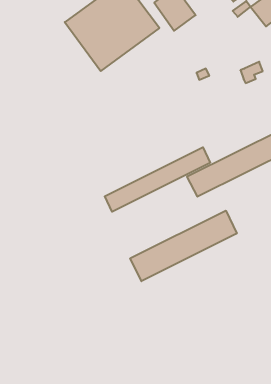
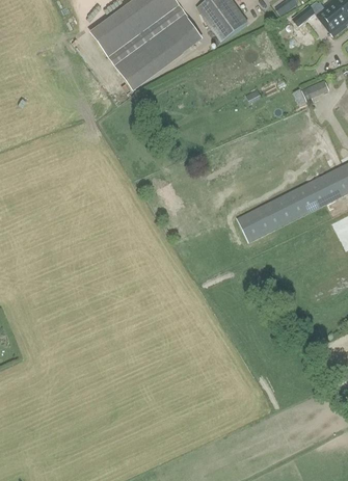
building: [105,147,210,212] -> none
building: [130,211,237,281] -> none

